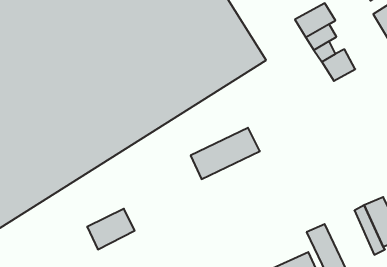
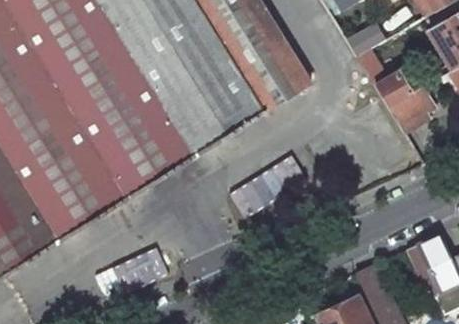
building: none -> [386,84,433,131]

